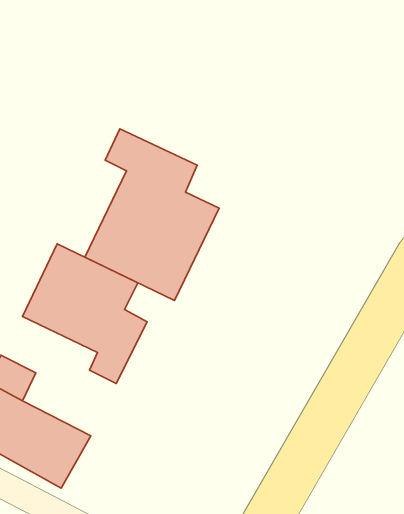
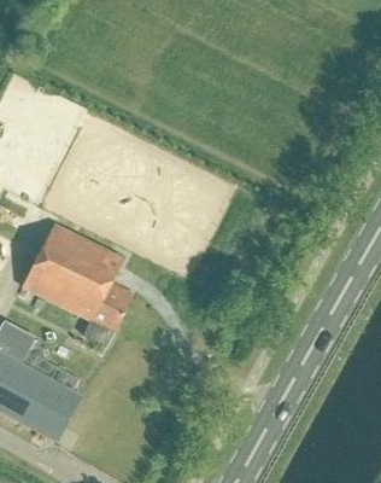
building: [85,129,219,301] -> none

